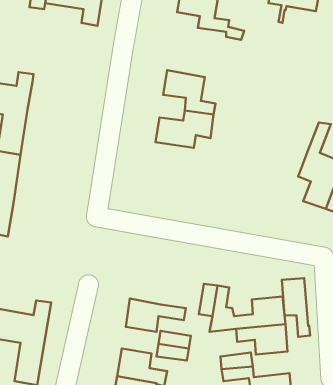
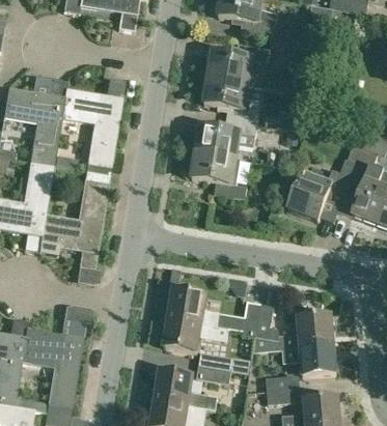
building: none -> [209,44,271,84]
building: none -> [61,79,126,169]
building: none -> [192,152,248,199]
building: none -> [286,157,357,222]
building: none -> [40,179,109,269]
building: none -> [169,289,206,323]
building: [282,278,310,337] -> none

